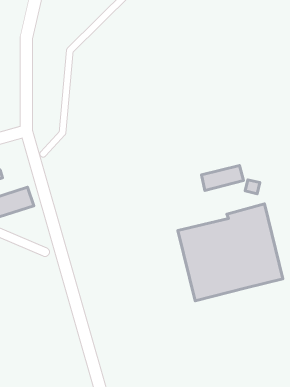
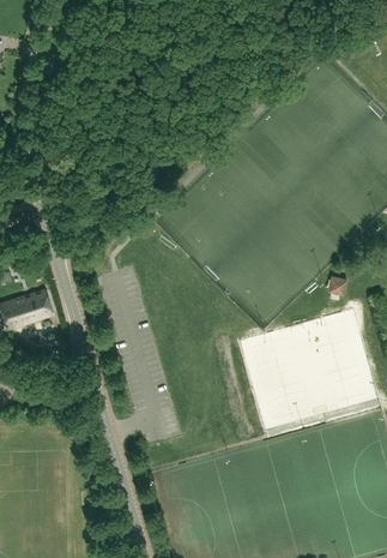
building: [202,166,243,190] -> none

